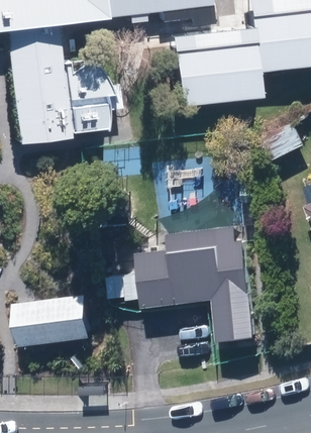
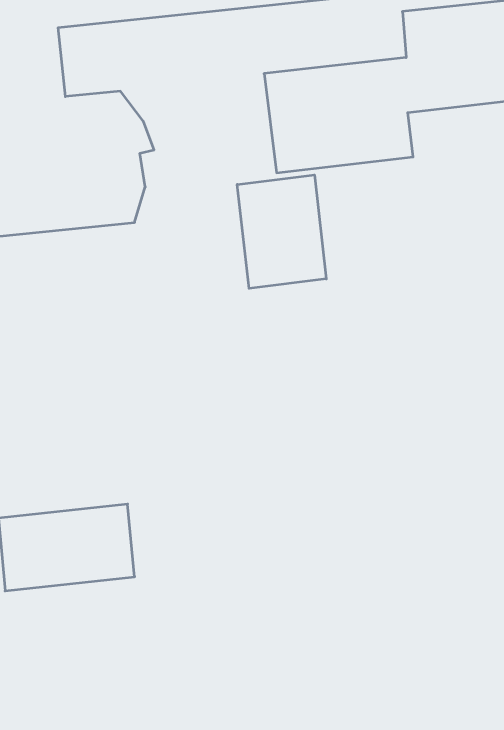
building: none -> [237,175,326,288]
building: [107,227,253,342] -> none

